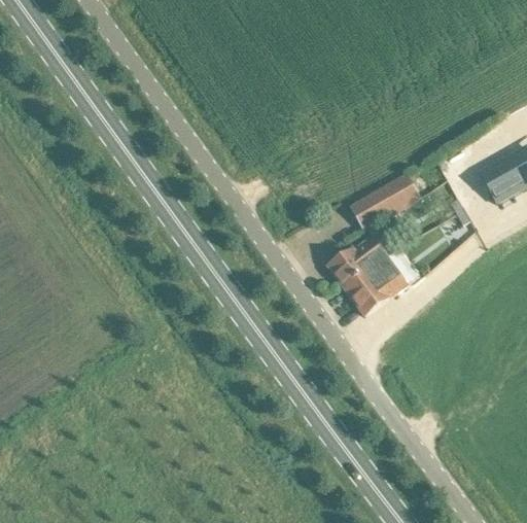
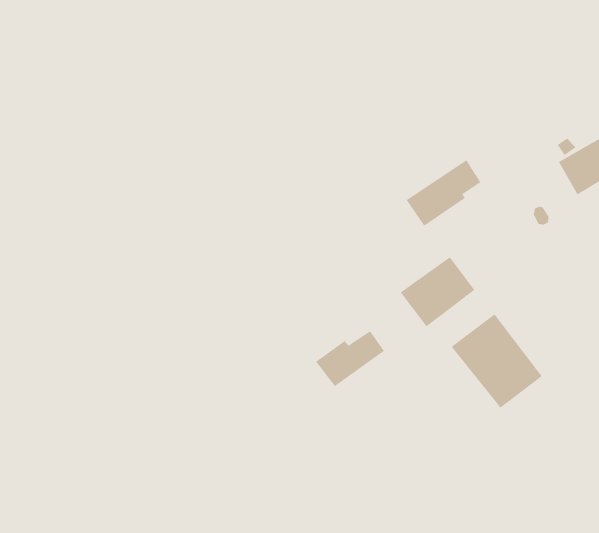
building: [329,239,389,287] -> [315,331,385,387]
building: none -> [451,313,542,408]

